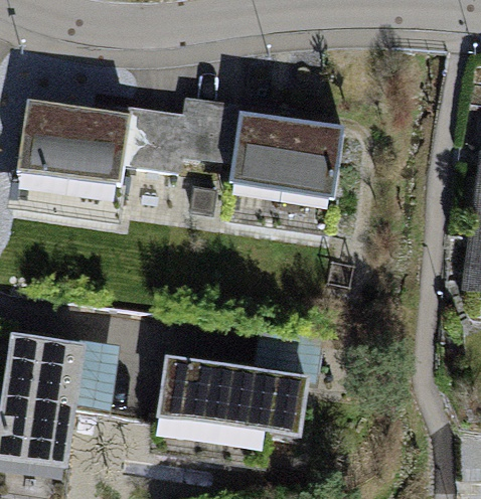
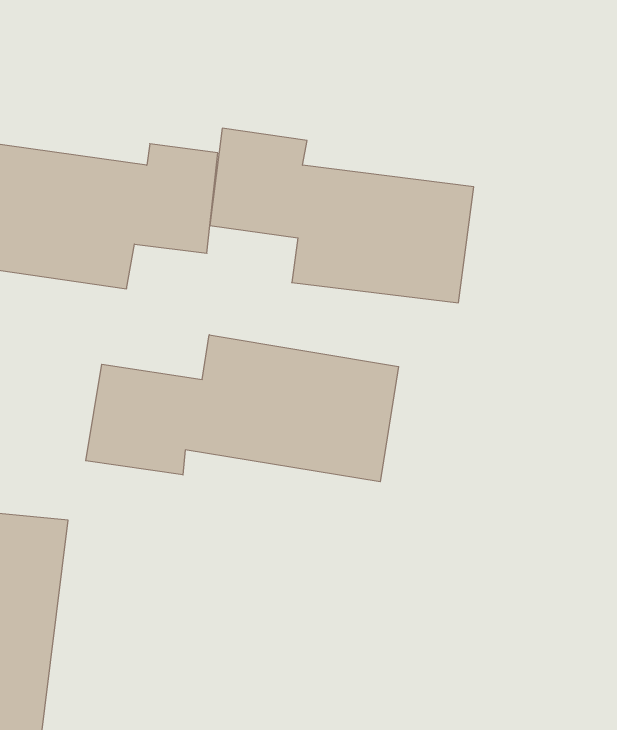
building: none -> [86,335,399,482]
building: [153,358,312,467] -> none

